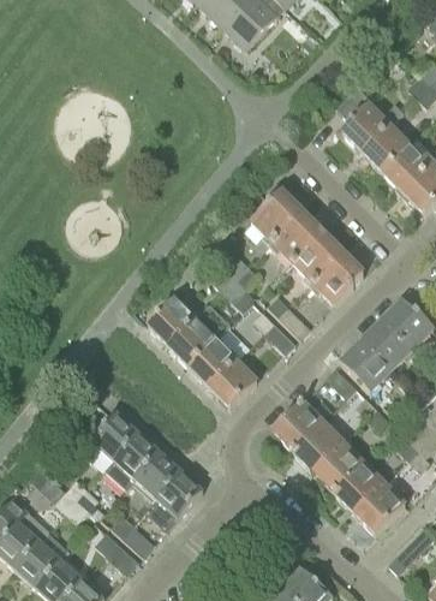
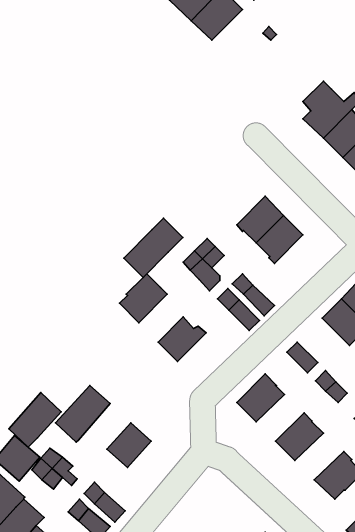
building: [251,192,301,243] -> none
building: [311,254,363,304] -> none
building: [168,304,231,367] -> [124,218,183,277]
building: [340,341,390,391] -> none
building: [209,357,257,407] -> none
building: [292,422,342,471] -> none
building: [104,432,160,489] -> [9,392,61,447]
building: [333,463,384,512] -> none
building: [145,471,203,531] -> none

